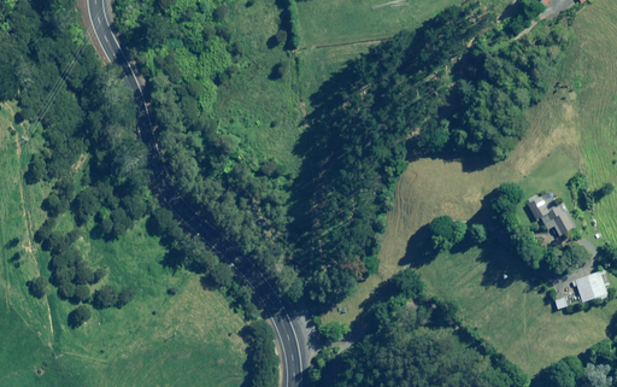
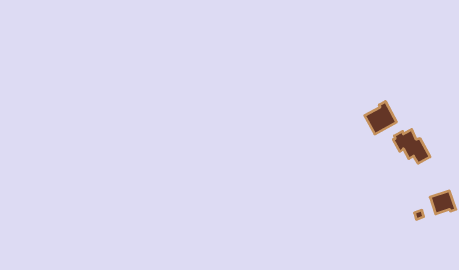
building: none -> [365,101,396,134]

